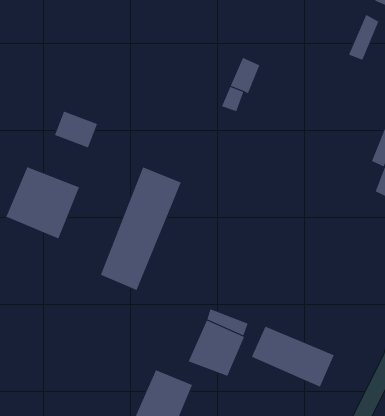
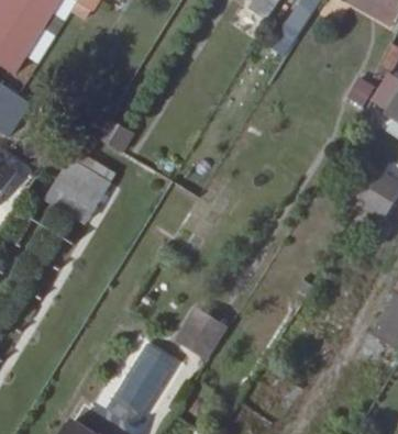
building: [100,167,182,291] -> none
building: [251,326,334,388] -> none

